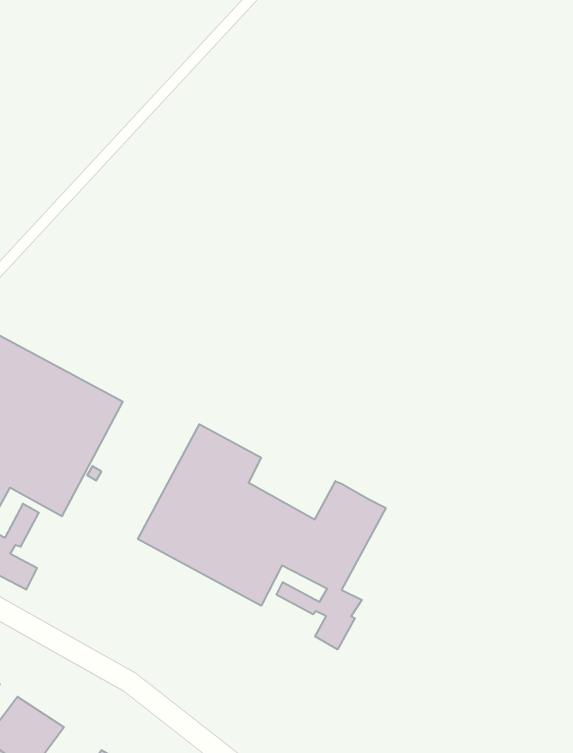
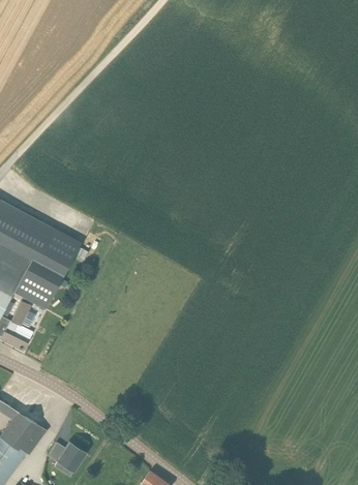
building: [138,424,386,649] -> none

